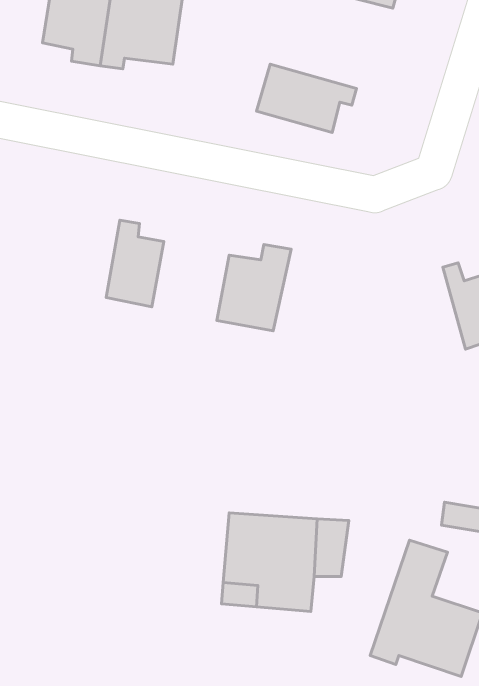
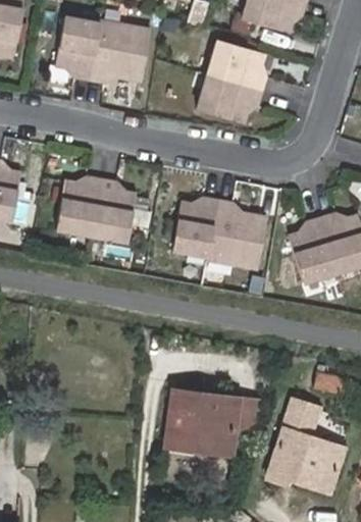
building: none -> [206,44,269,93]
building: none -> [55,178,105,233]
building: none -> [206,201,266,273]
building: none -> [290,213,338,278]

